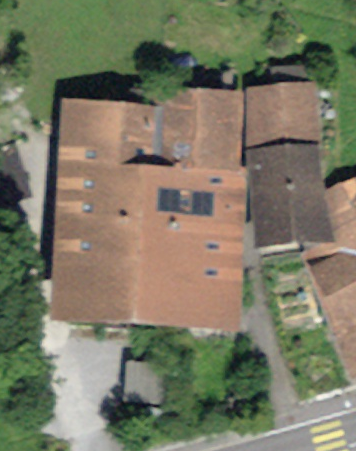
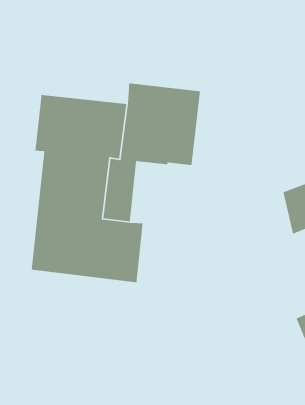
building: [247,101,317,243] -> none
building: [161,178,224,301] -> none

